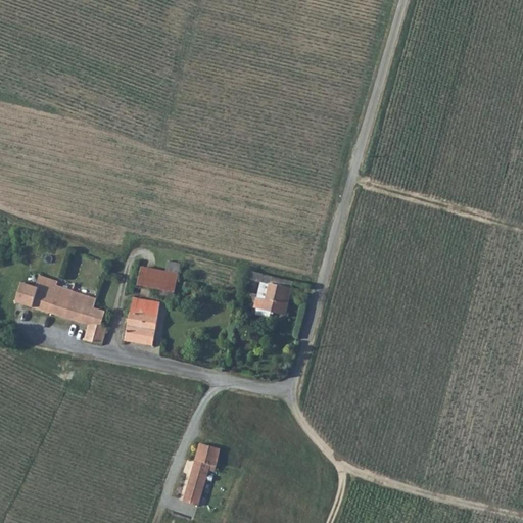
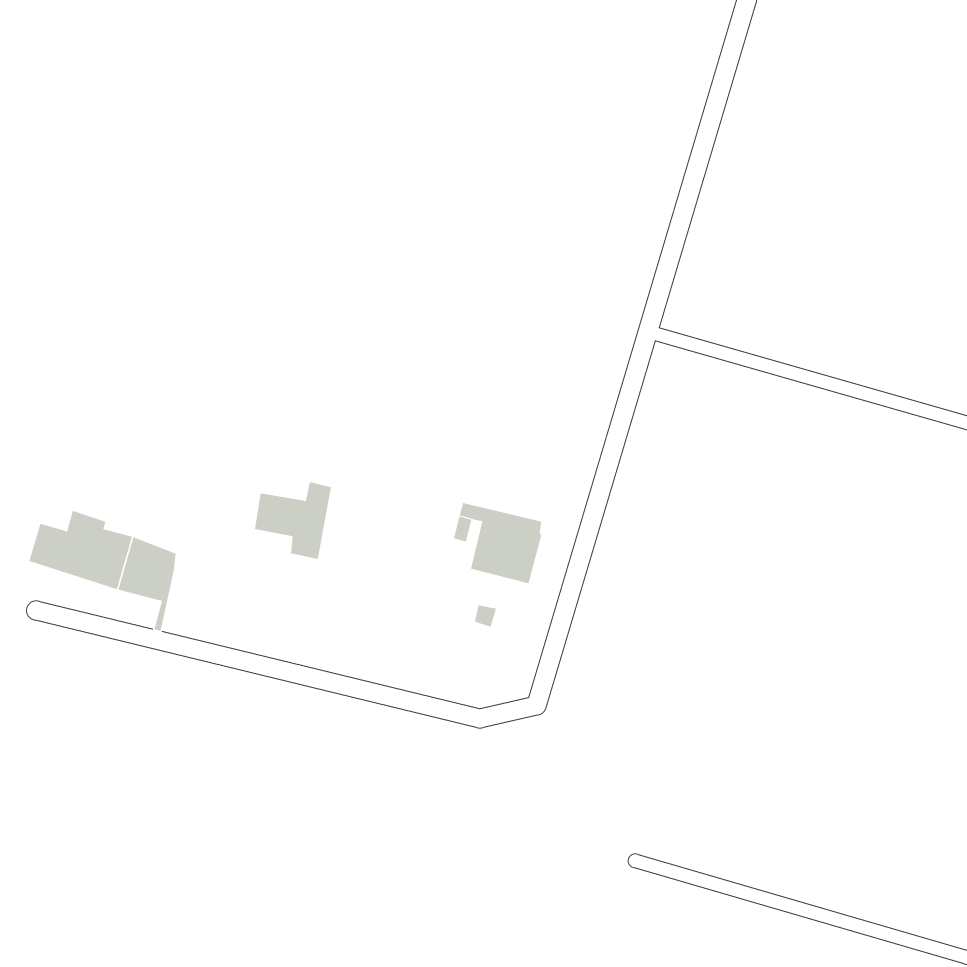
building: [125,297,159,345] -> none
building: [87,307,106,343] -> none
building: [181,442,220,506] -> none

